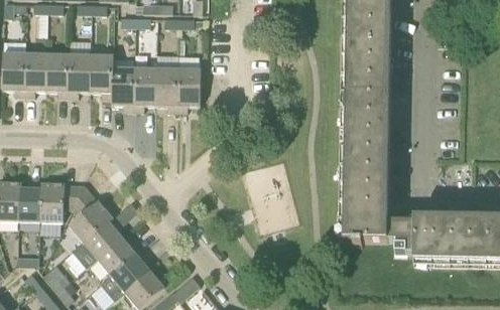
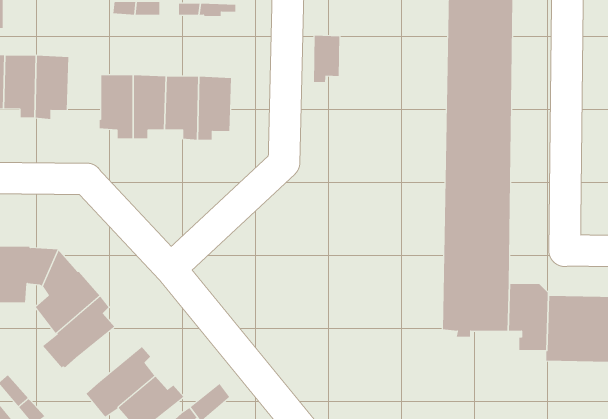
building: none -> [313,35,340,83]
building: [89,55,112,98] -> none
building: [95,238,139,276] -> none

